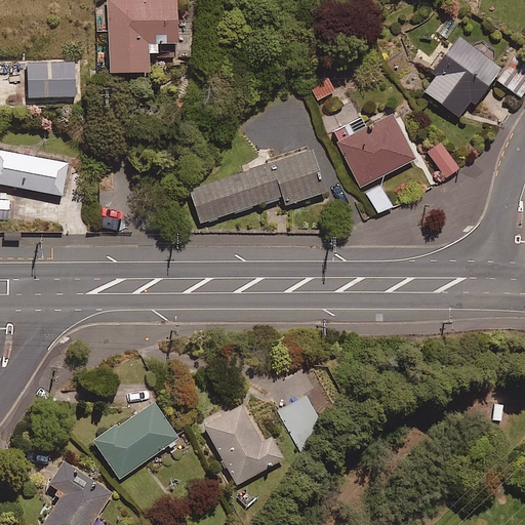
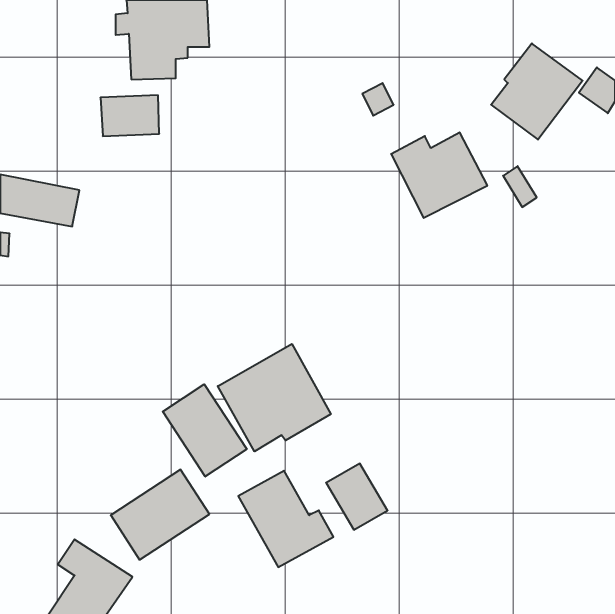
building: [26,62,76,96] -> [100,95,159,136]
building: [190,149,325,223] -> none
building: none -> [218,344,331,451]
building: none -> [163,384,247,477]

